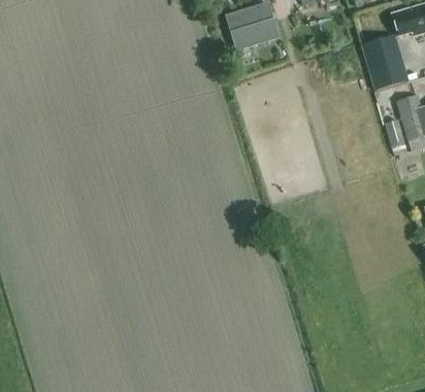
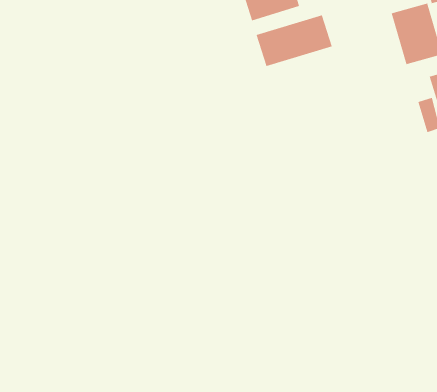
building: none -> [256,14,332,67]

